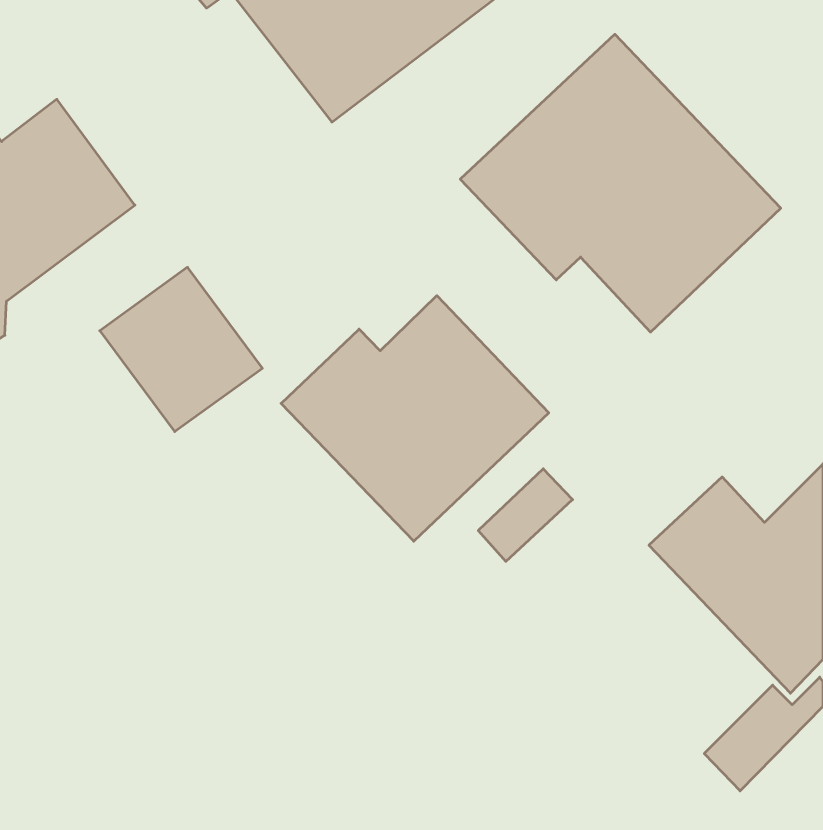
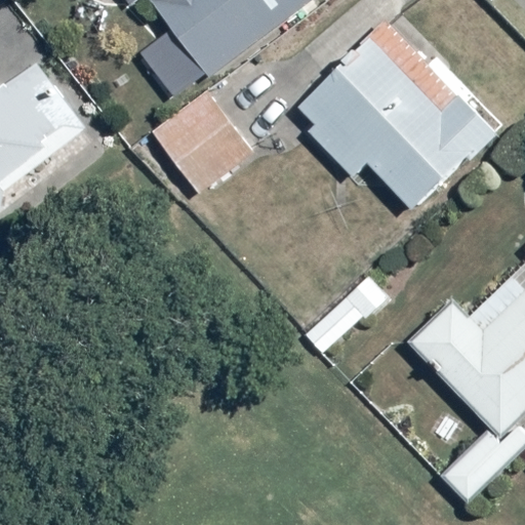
building: [100,267,262,432] -> [152,91,254,195]
building: [281,296,549,541] -> none

